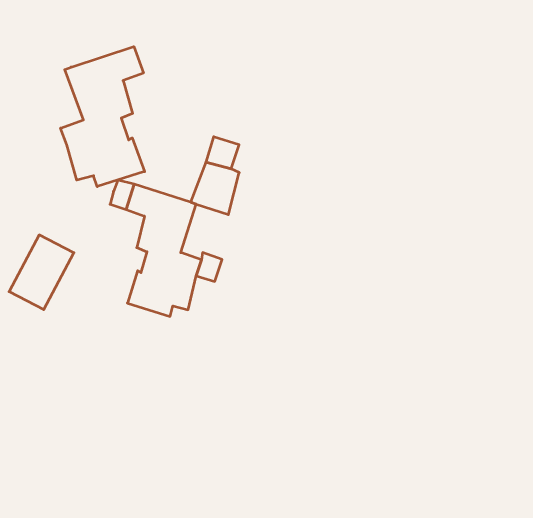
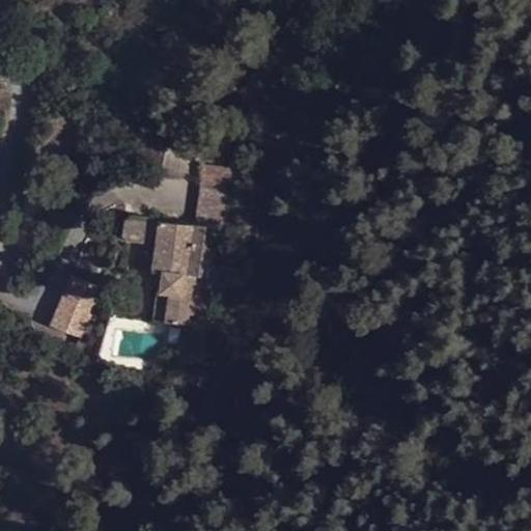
building: [61,47,145,187] -> none

